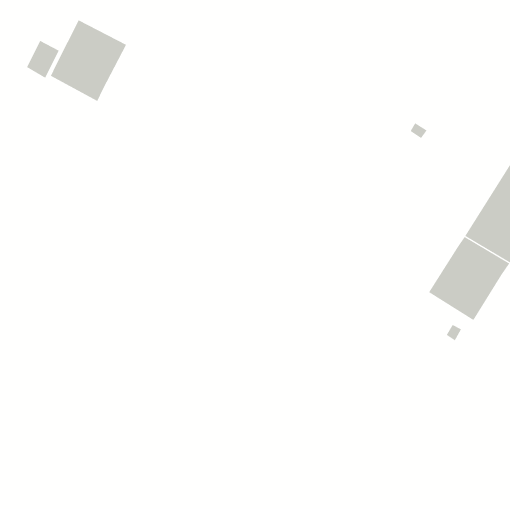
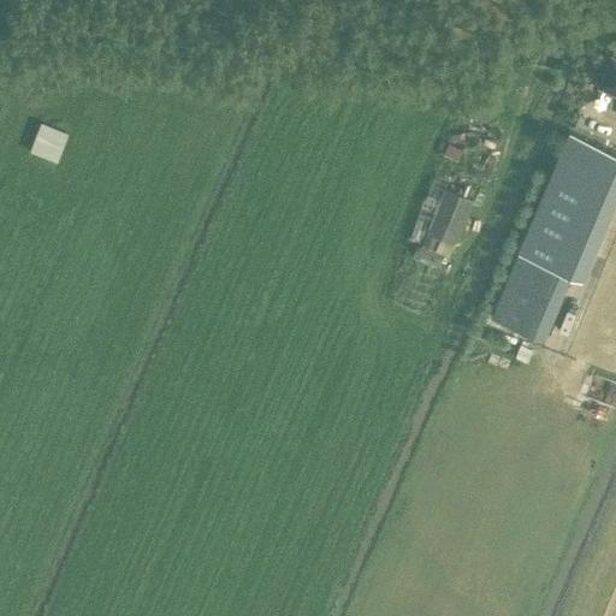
building: [50,19,127,102] -> none
building: none -> [422,196,472,257]

